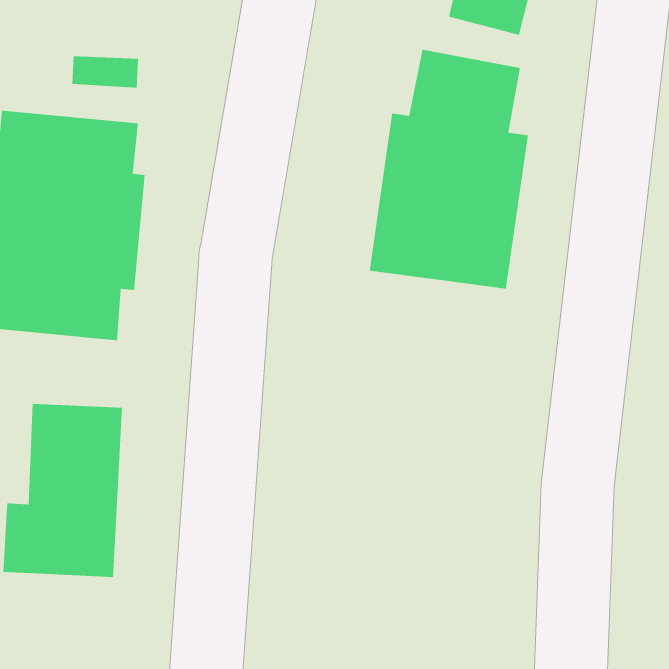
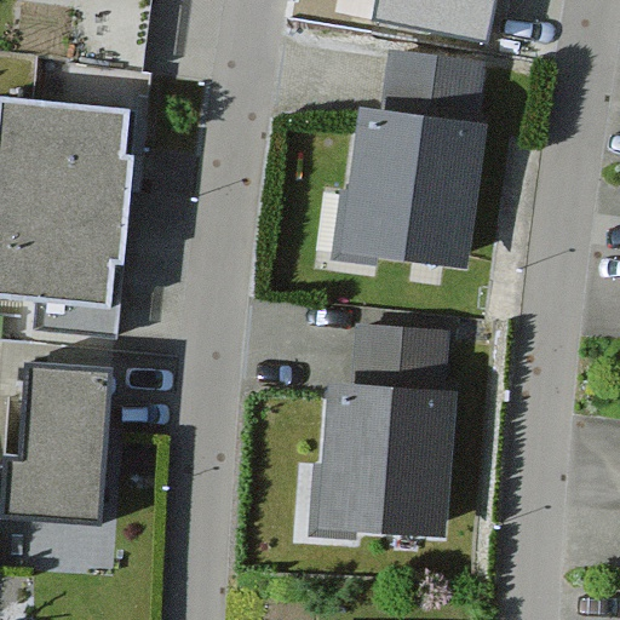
building: none -> [315,327,455,535]

